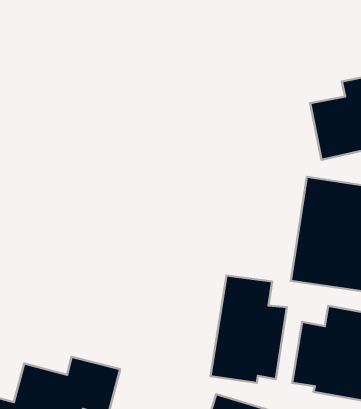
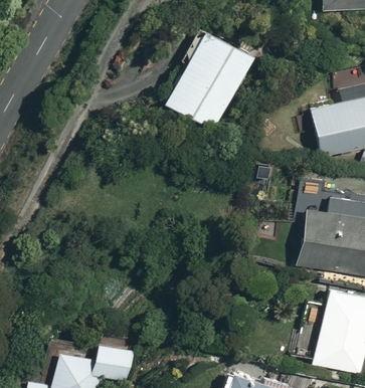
building: none -> [162,29,256,132]
building: [210,275,287,383] -> none

